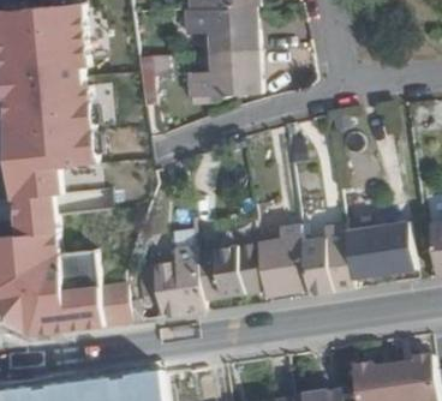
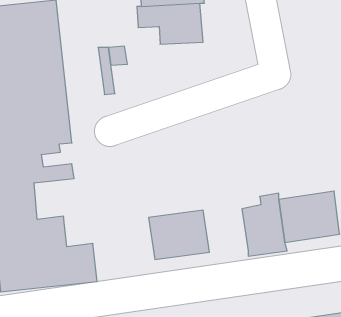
building: [183,49,256,96] -> none
building: [255,223,306,295] -> none
building: [135,245,202,317] -> none

